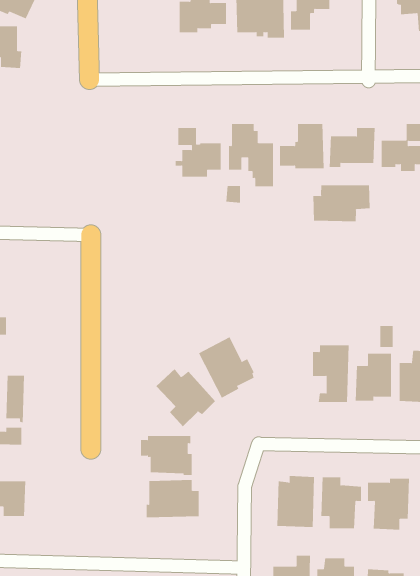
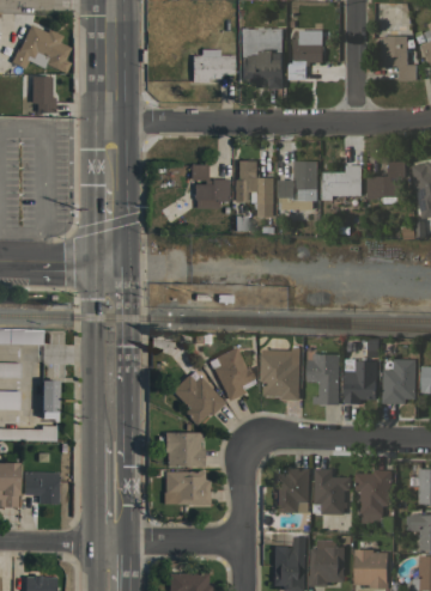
building: [313,184,370,222] -> none
building: none -> [261,349,301,400]

